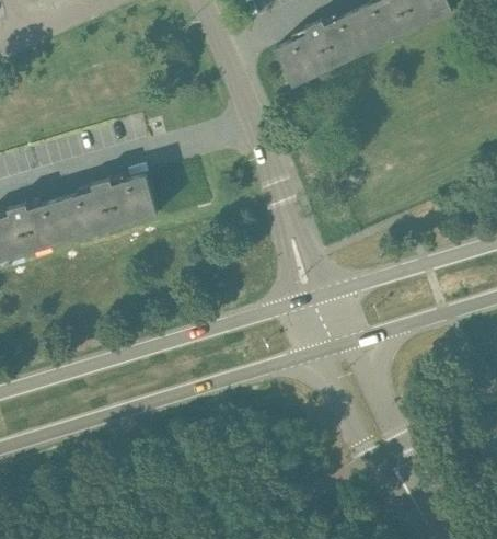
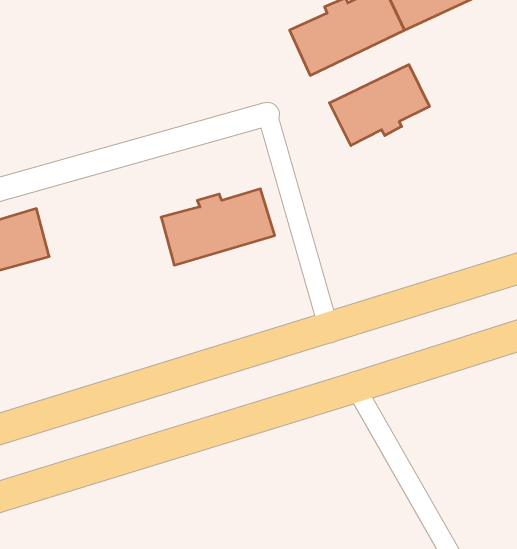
building: none -> [329,65,429,146]
building: [61,175,158,240] -> [161,189,275,265]

